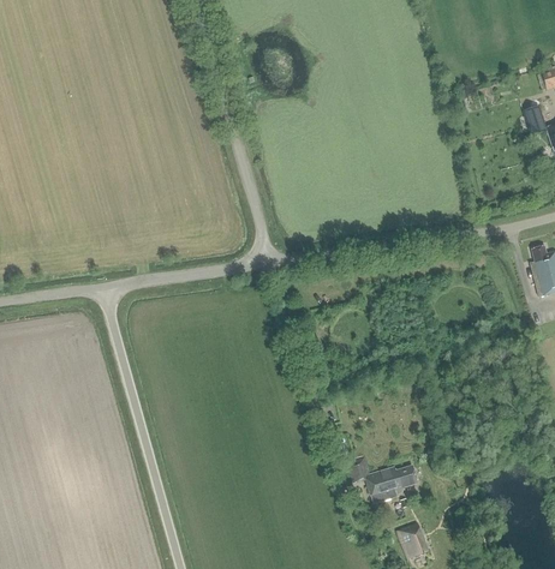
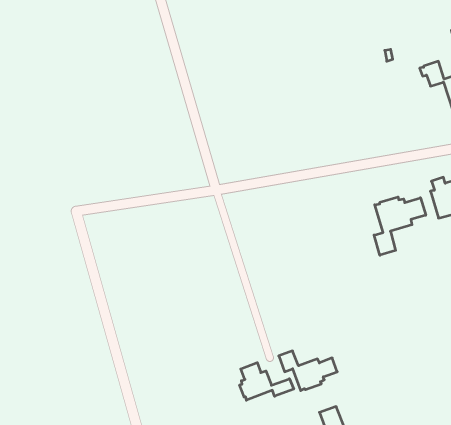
building: none -> [374,197,426,255]
building: none -> [240,363,294,400]

